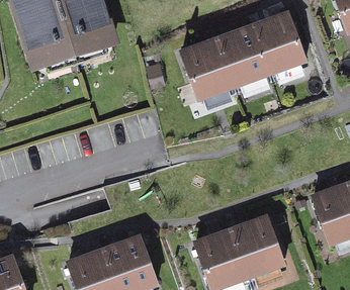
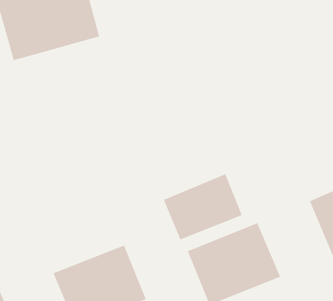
building: [181,12,298,103] -> none
building: none -> [163,173,243,241]

